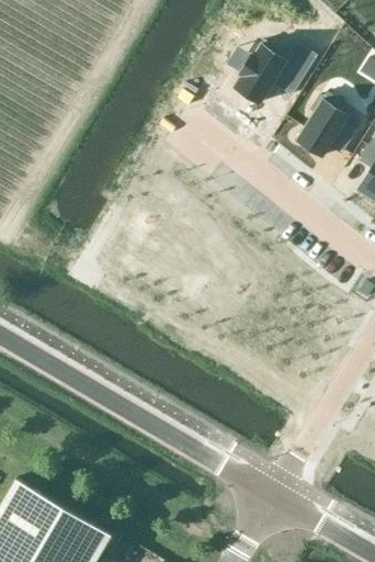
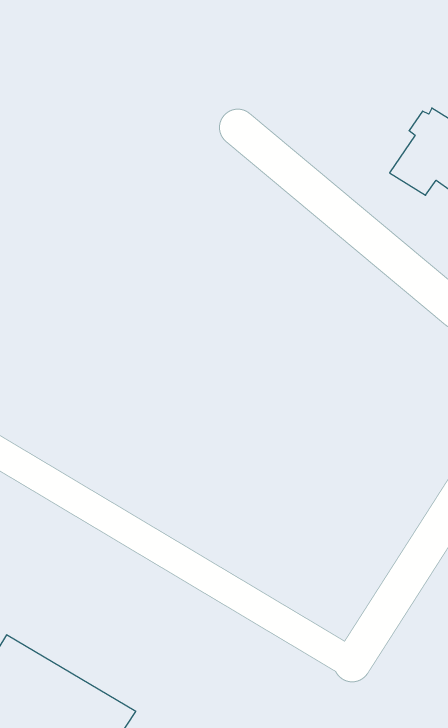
building: [236,40,318,103] -> none

